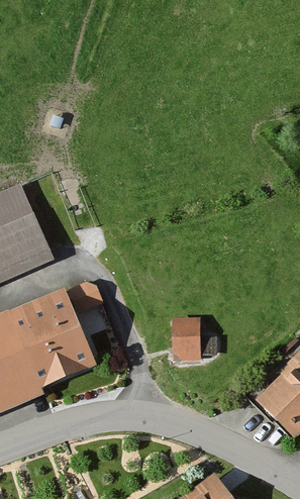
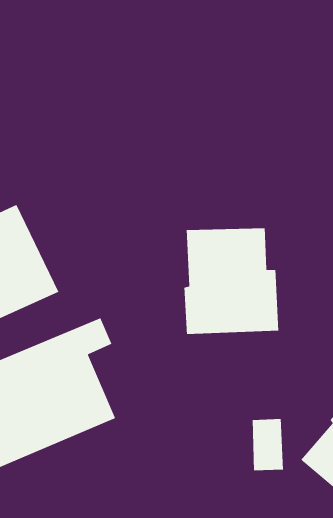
building: none -> [184,227,279,335]
building: [174,317,201,363] -> [252,418,284,471]

